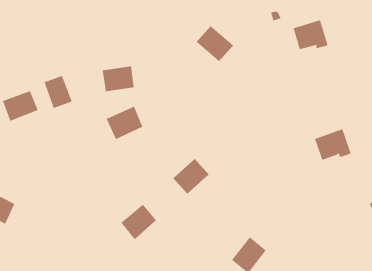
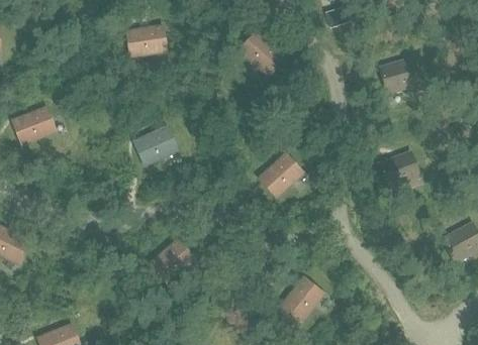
building: [293,19,328,50] -> [379,58,420,93]
building: [102,66,135,92] -> [127,25,166,55]
building: [44,75,72,109] -> none
building: [172,158,210,194] -> [259,153,302,196]

